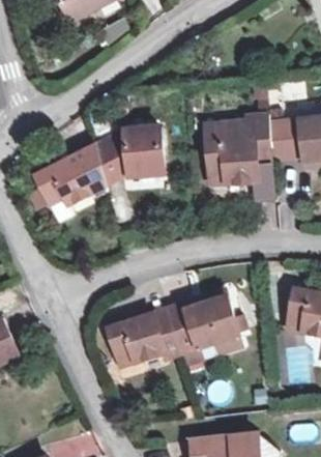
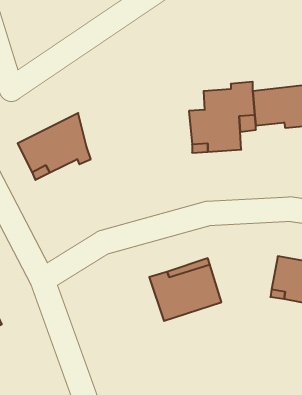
building: [95,126,163,179] -> none
building: [108,309,180,362] -> none

